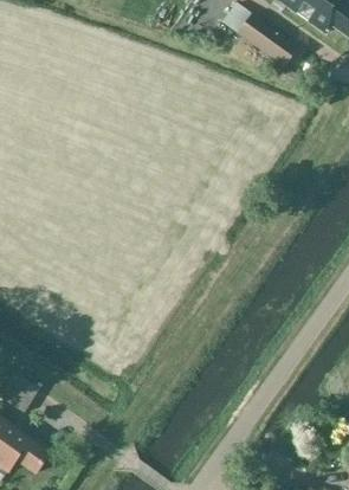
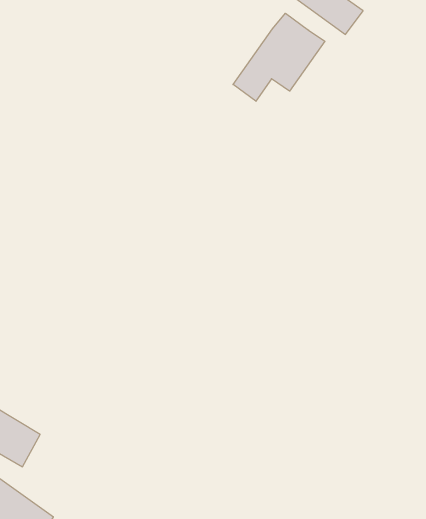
building: none -> [233,13,325,101]

